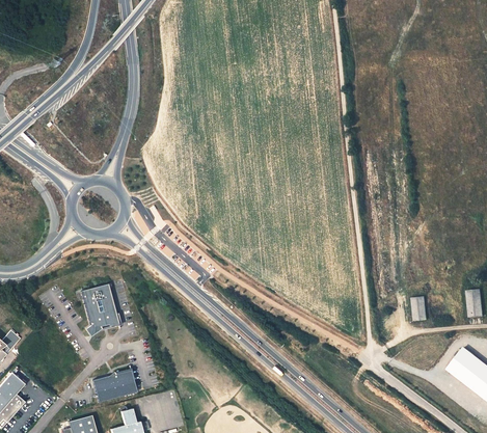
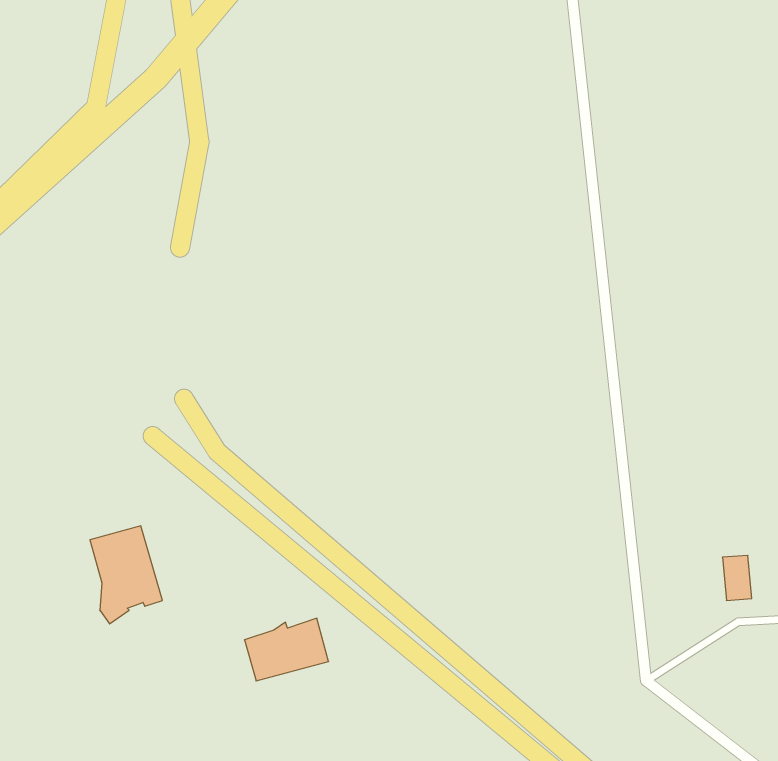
building: [92,368,137,401] -> [244,618,329,681]

